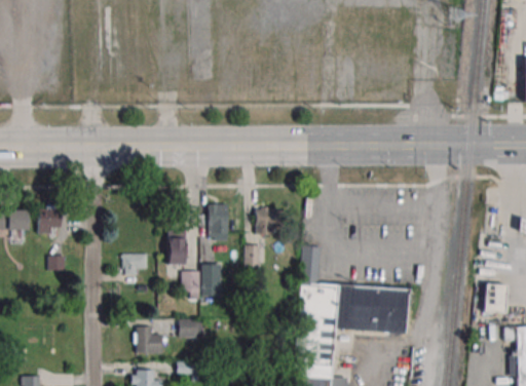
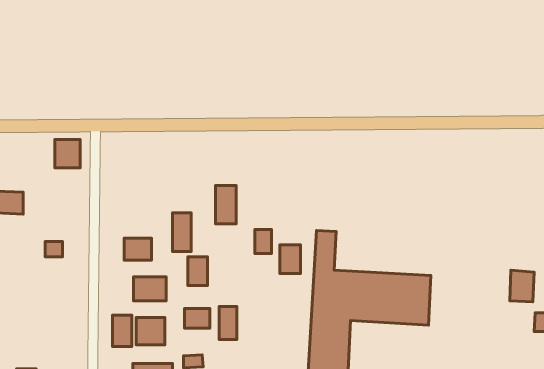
building: [38,207,62,234] -> [55,139,80,168]
building: [256,208,275,235] -> [280,245,301,273]
building: [203,265,220,296] -> [219,306,237,339]
building: none -> [133,277,166,301]
building: none -> [112,315,132,347]

